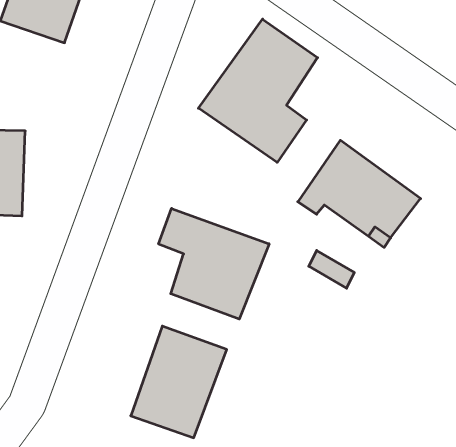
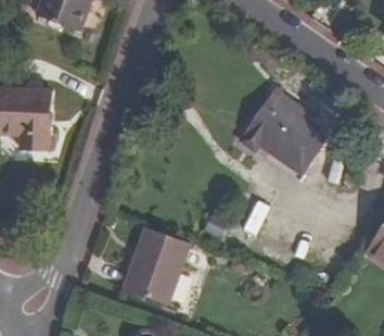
building: [198,19,318,162] -> none
building: [159,208,269,319] -> none

